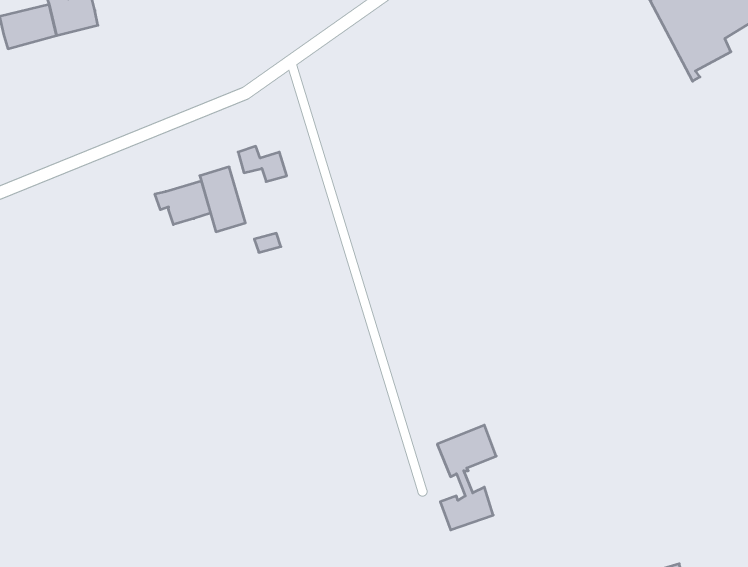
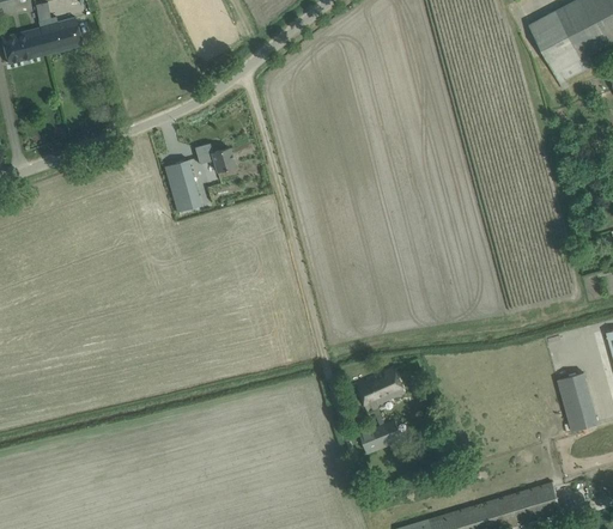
building: [155,181,211,225] -> none
building: none -> [558,372,599,431]

